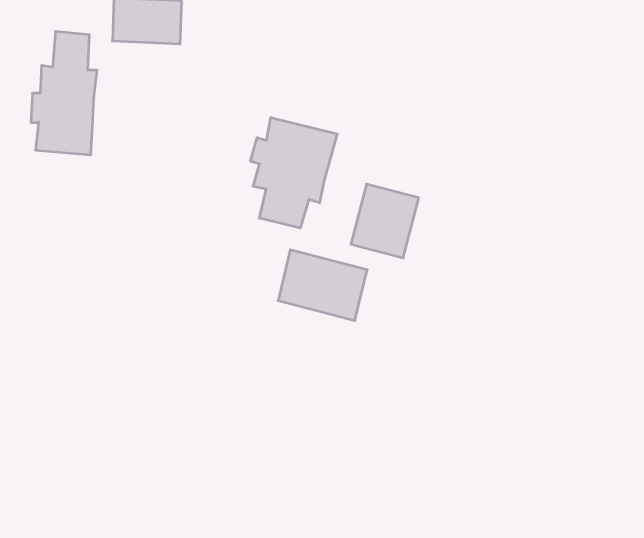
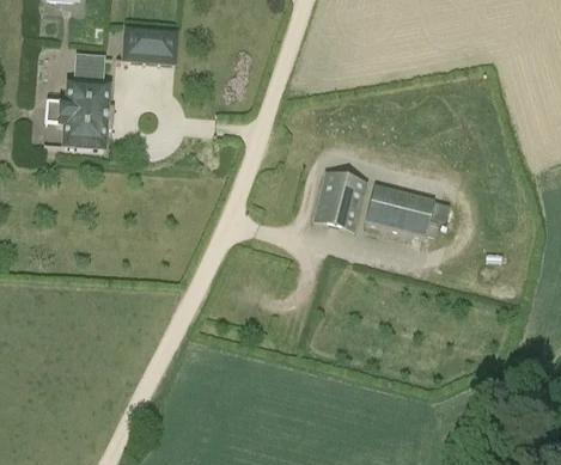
building: [251,117,337,228] -> none
building: [278,250,367,321] -> [366,183,435,238]

